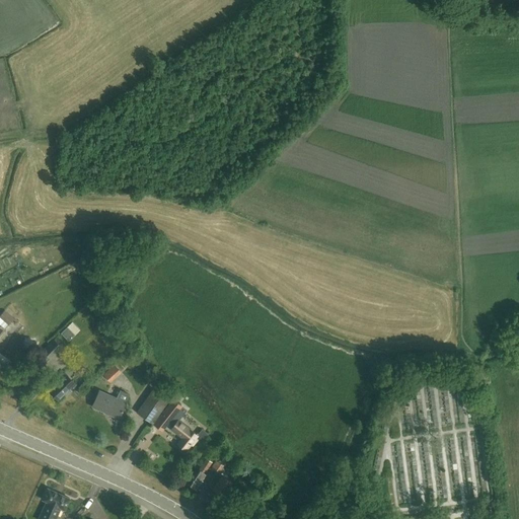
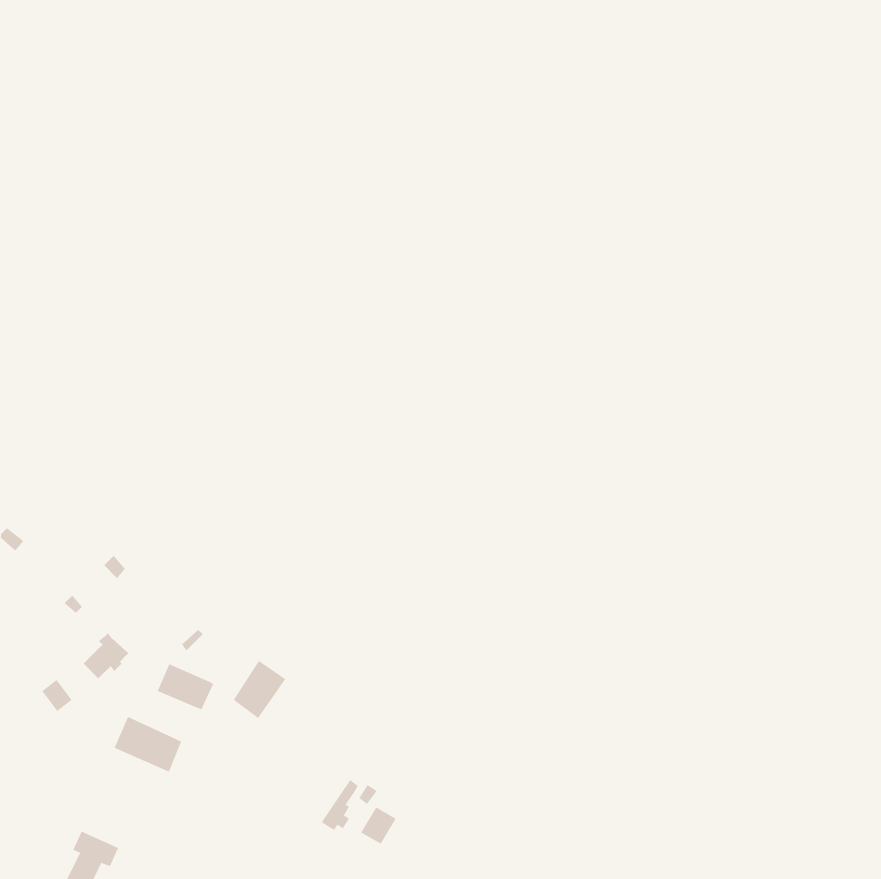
building: [153,400,197,451] -> none
building: none -> [114,716,182,773]

